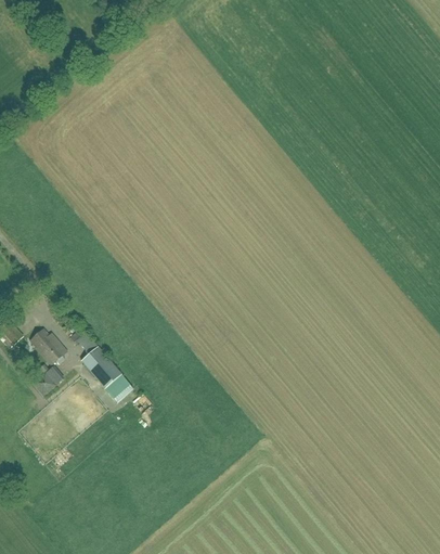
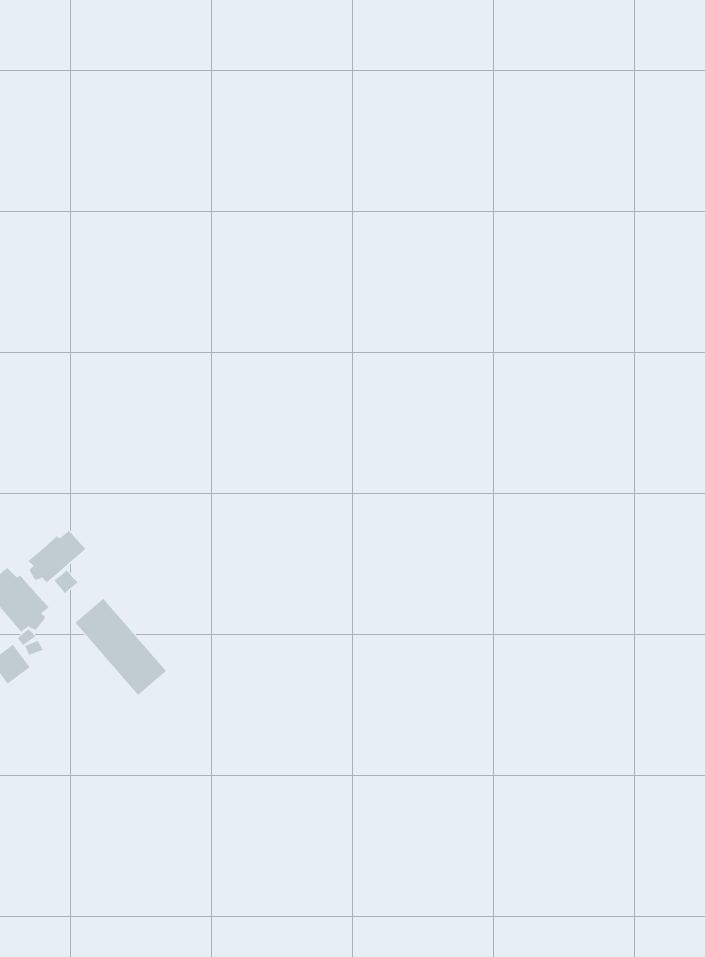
building: none -> [27,530,86,583]

